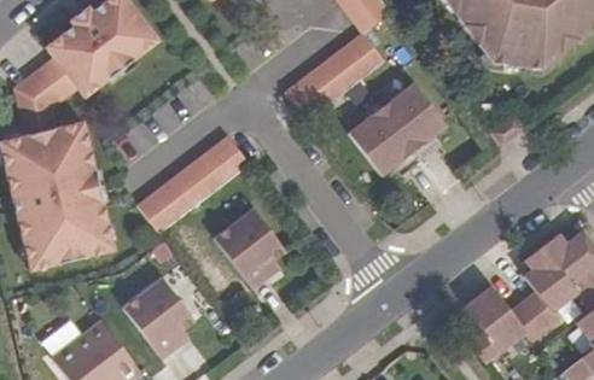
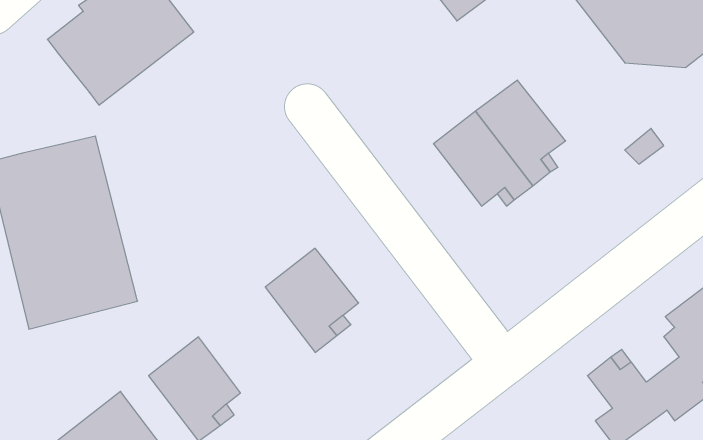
building: [285,31,385,119] -> none
building: [13,57,77,134] -> none
building: [136,134,249,233] -> none

